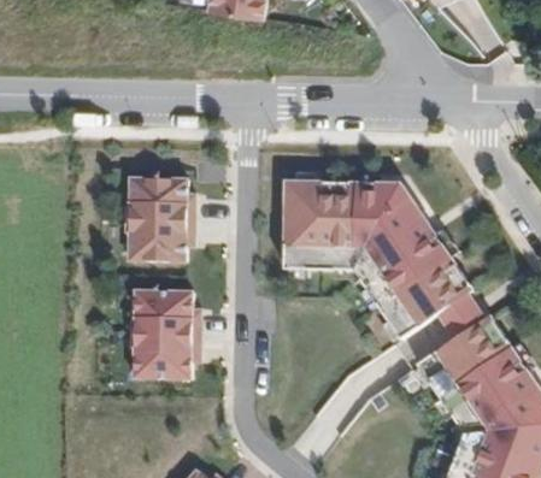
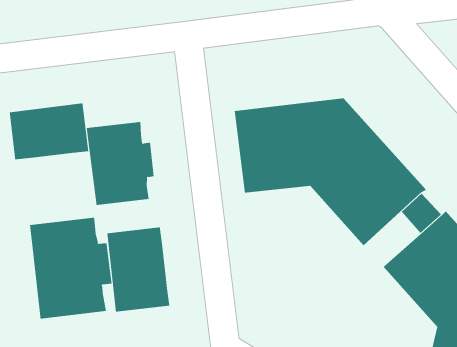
building: none -> [9,103,89,160]
building: none -> [30,217,112,319]

